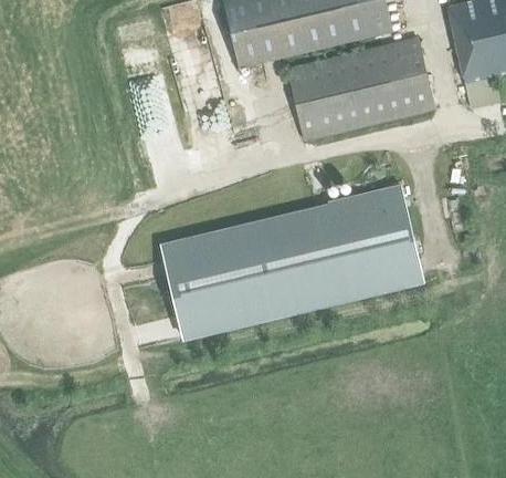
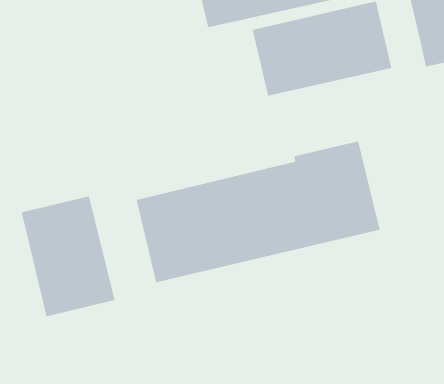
building: none -> [21,196,115,317]

